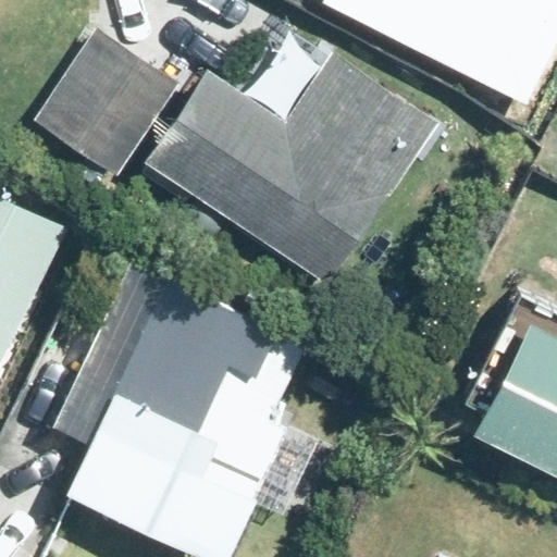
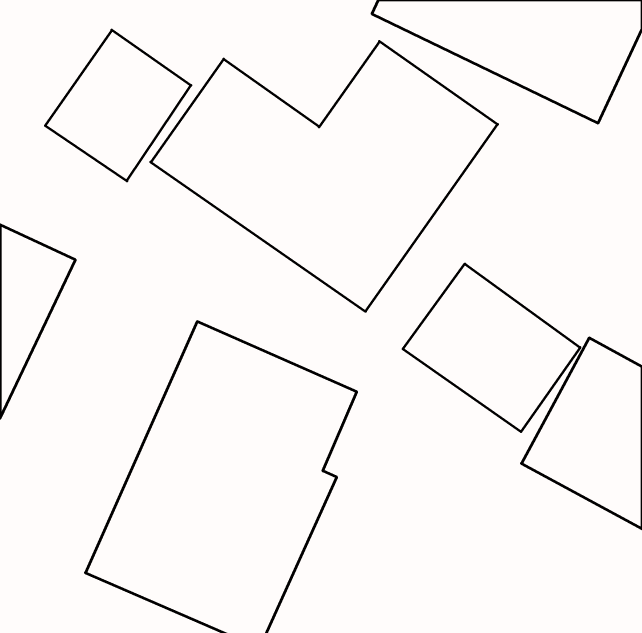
building: none -> [403,264,580,432]

